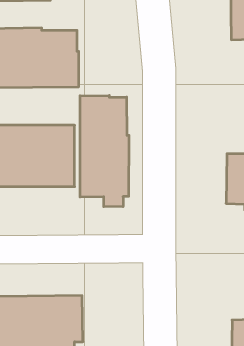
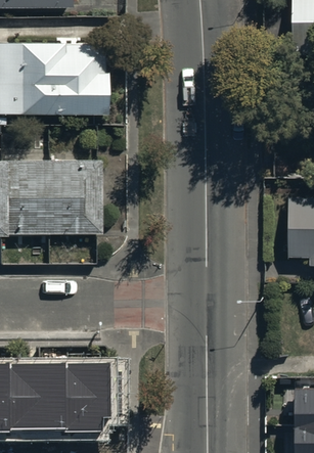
building: [80,95,129,207] -> none

